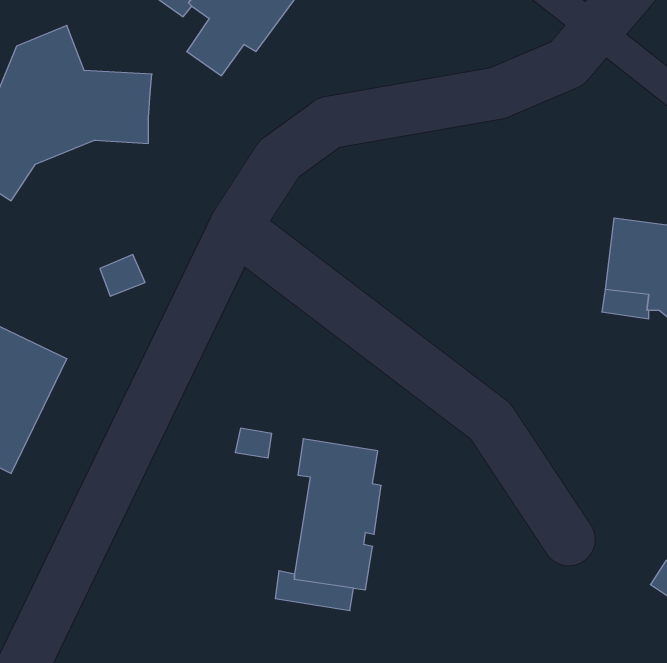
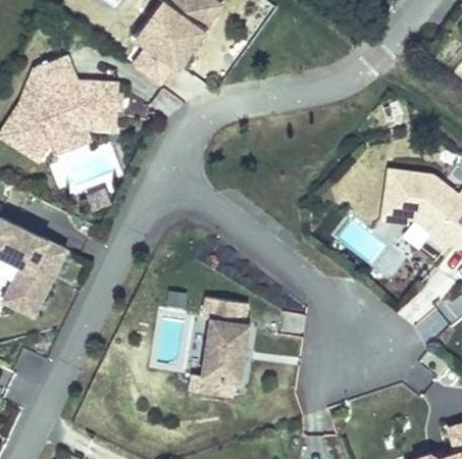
building: none -> [34,120,114,159]

